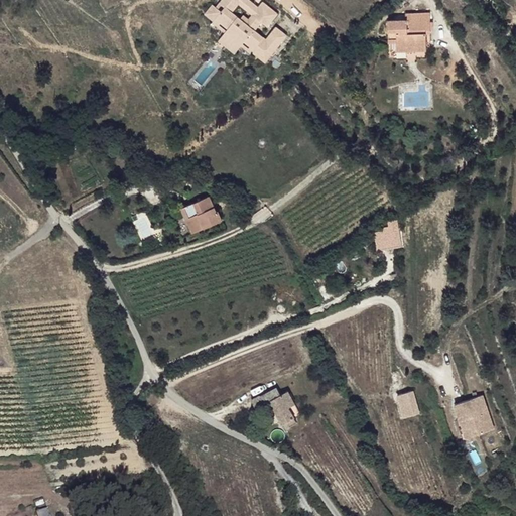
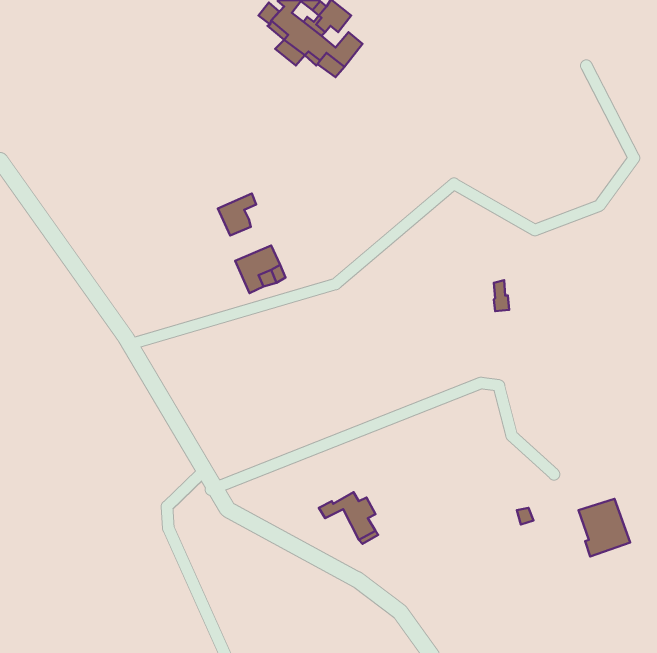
building: [388,16,431,53] -> none
building: none -> [218,194,256,235]

